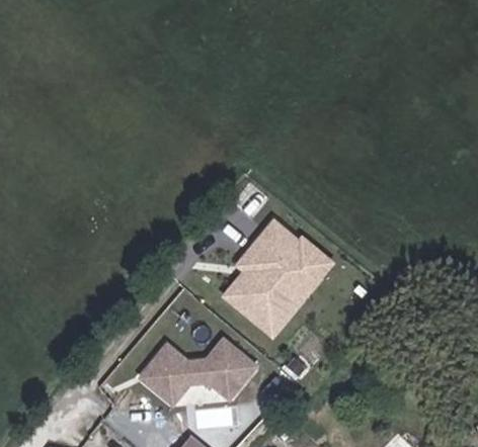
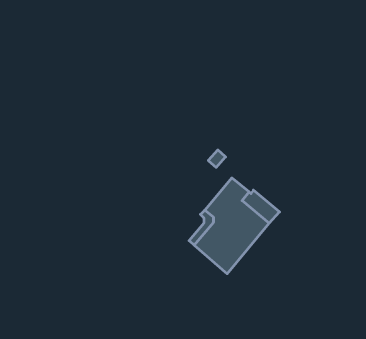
building: [139,340,252,404] -> none

